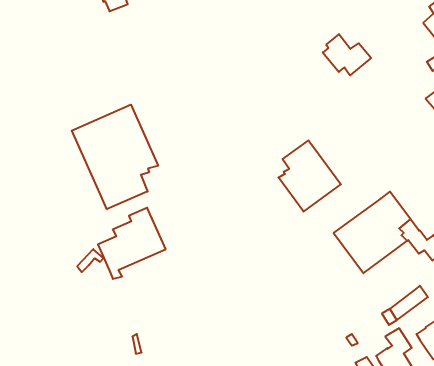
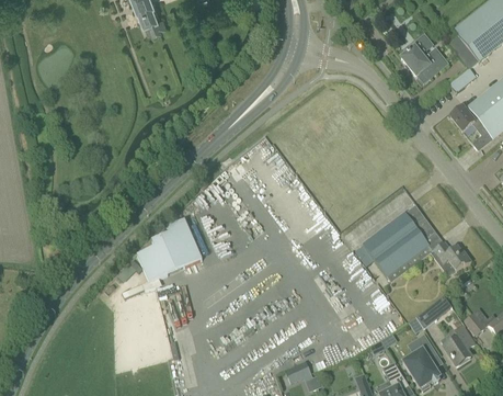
building: [323,34,371,75] -> [401,41,447,80]
building: [72,105,158,209] -> none
building: [278,140,341,212] -> none

